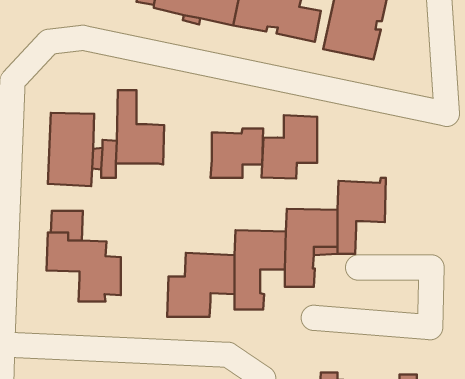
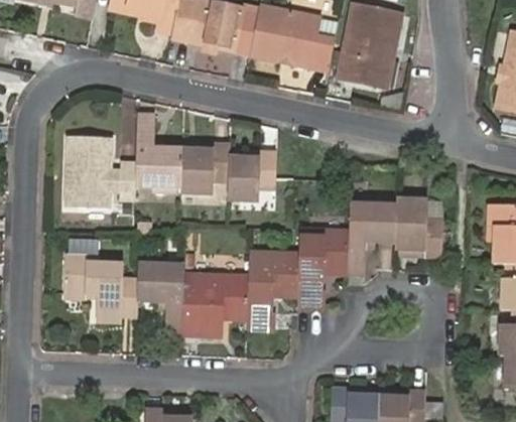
building: [262,115,317,178] -> none
building: none -> [177,144,226,192]
building: none -> [395,200,442,257]
building: none -> [137,261,184,336]

